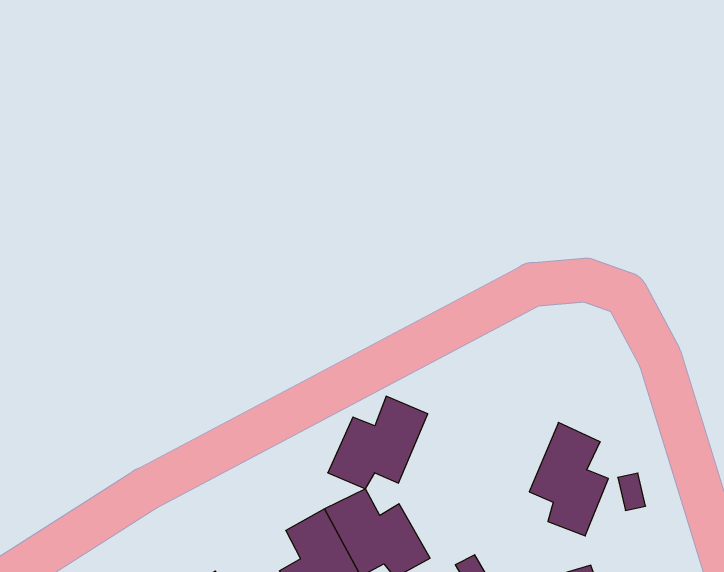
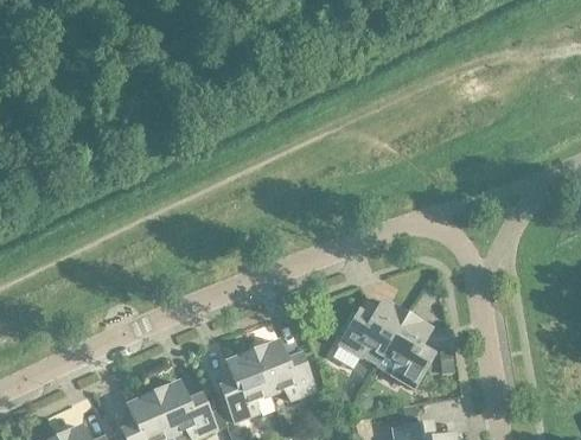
building: [328,396,428,489] -> [338,299,406,356]

